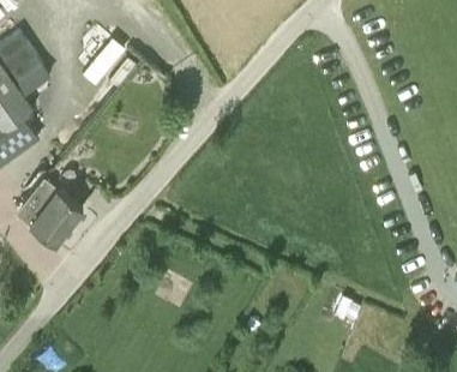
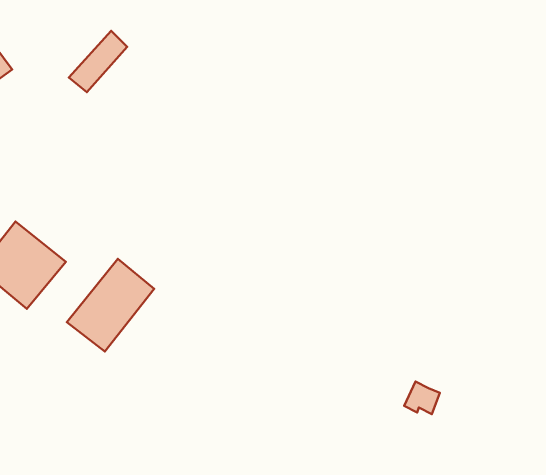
building: none -> [67,259,154,352]

